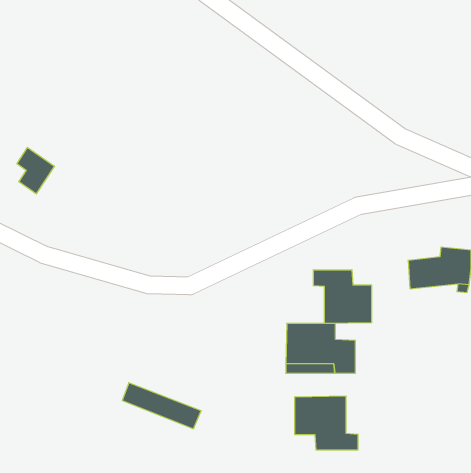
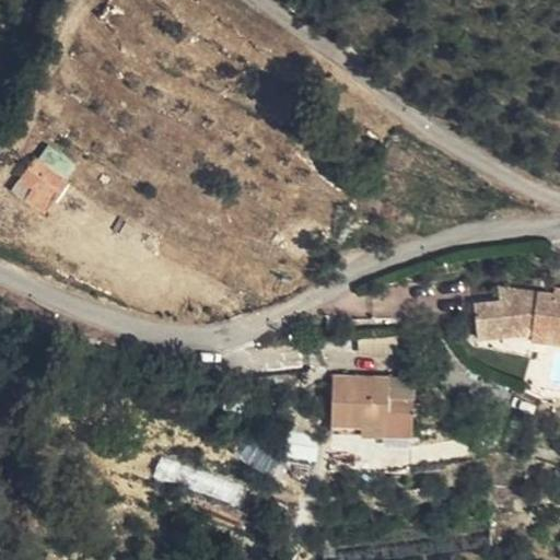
building: [313,270,372,323] -> none
building: [295,396,358,450] -> none

